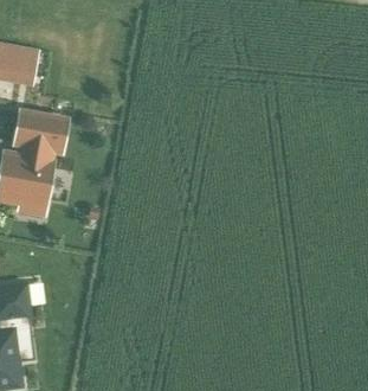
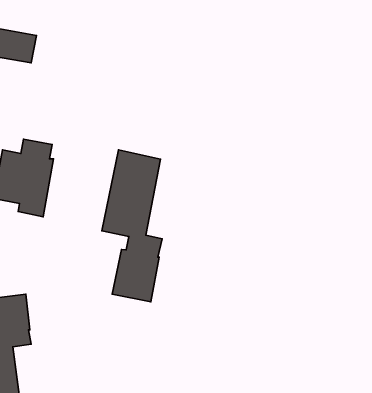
building: [17,111,66,148] -> none
building: none -> [102,150,162,302]

